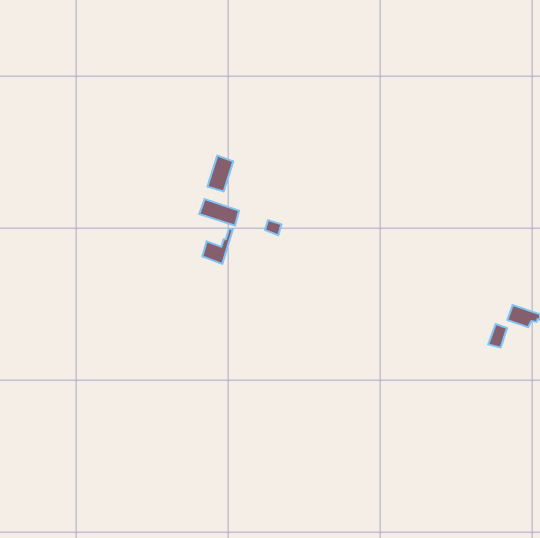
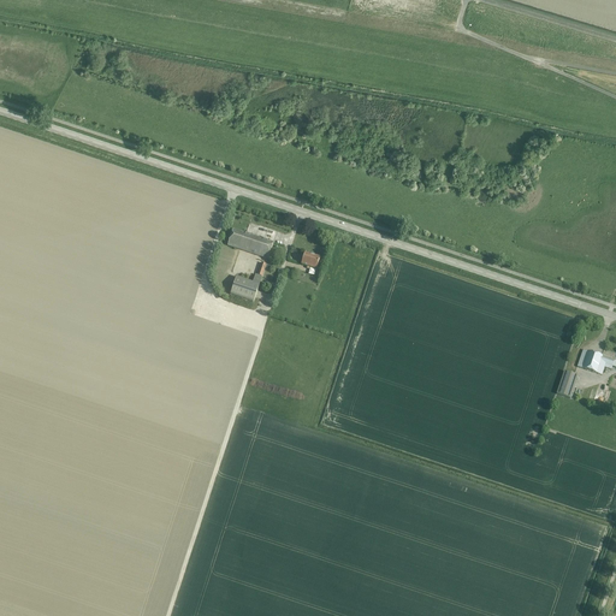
building: [207,155,233,192] -> none

